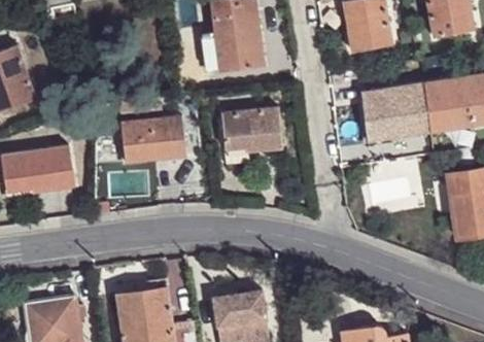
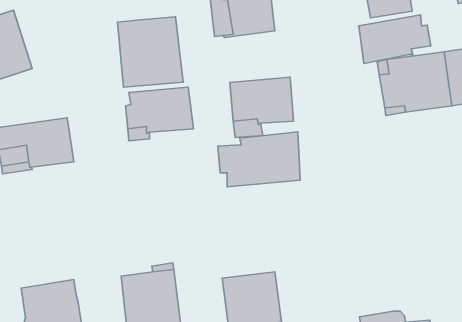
building: none -> [359,15,431,63]
building: none -> [117,17,183,87]
building: none -> [218,132,300,187]

